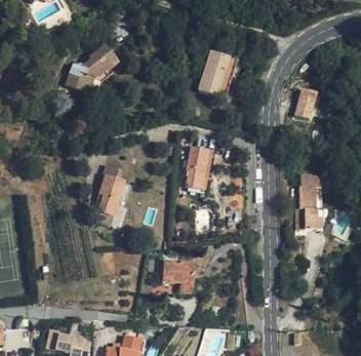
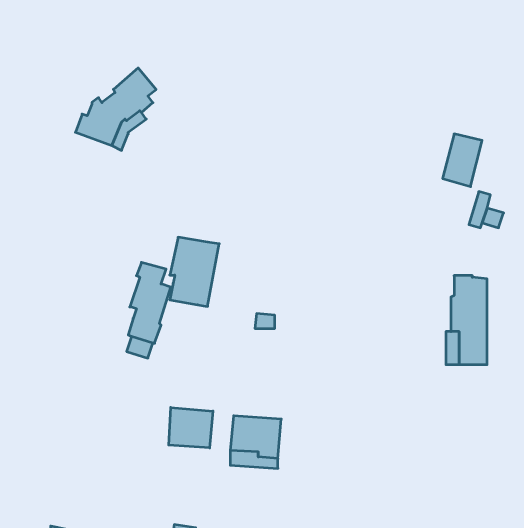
building: [198,51,237,98] -> none
building: [185,147,215,190] -> [170,237,219,306]
building: none -> [169,407,213,448]

